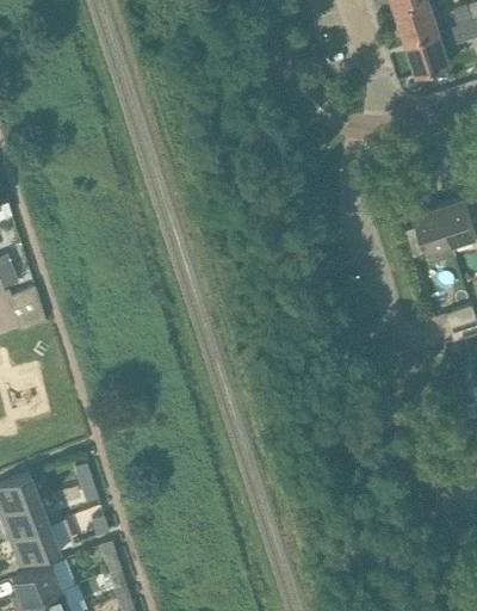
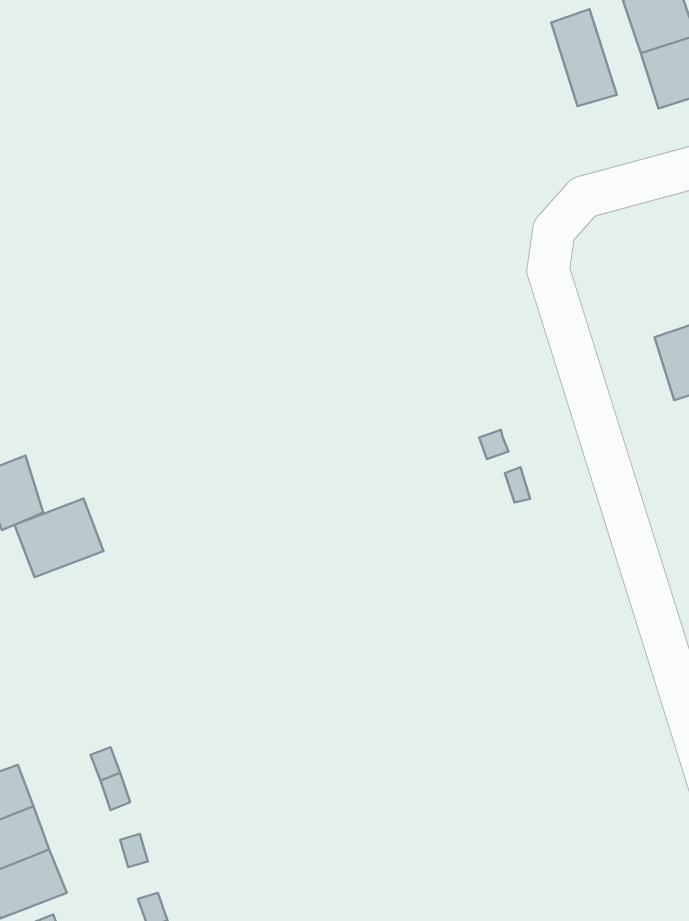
building: none -> [551,9,617,106]
building: none -> [15,499,103,577]

